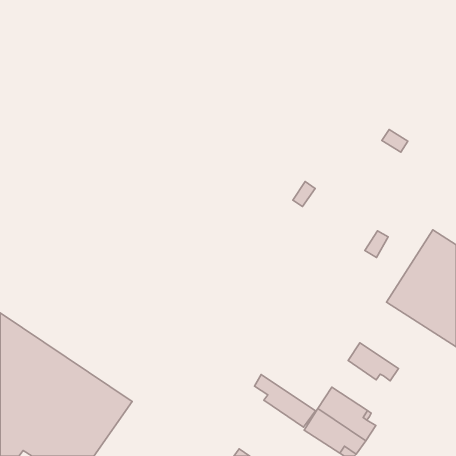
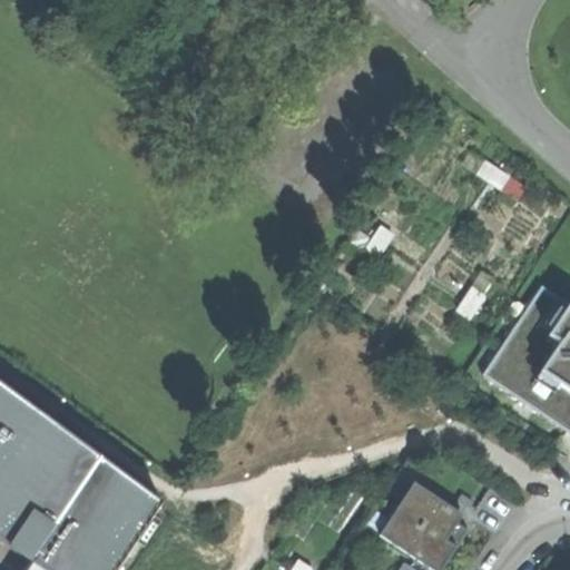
building: [348,343,399,381] -> none
building: [254,374,315,427] -> none

